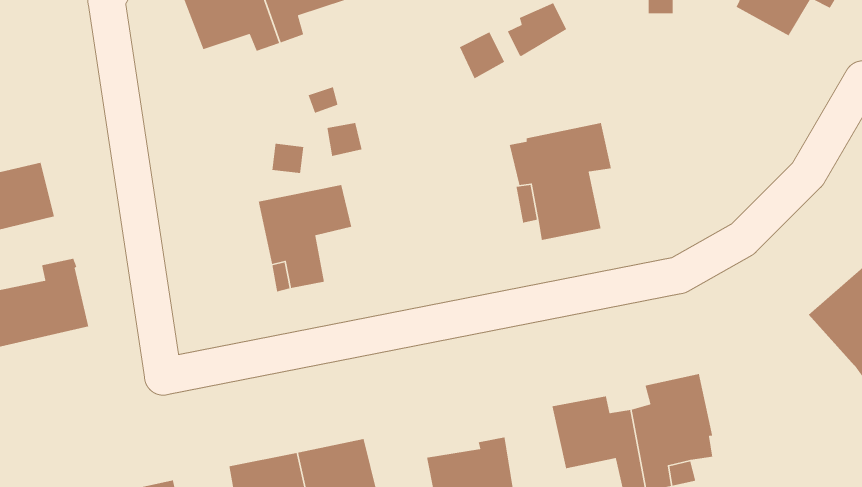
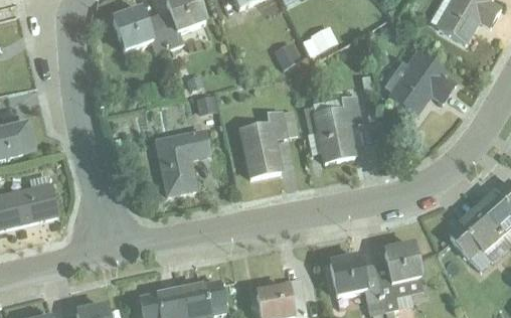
building: none -> [383,47,457,114]
building: none -> [237,107,298,177]
building: none -> [448,205,505,269]

